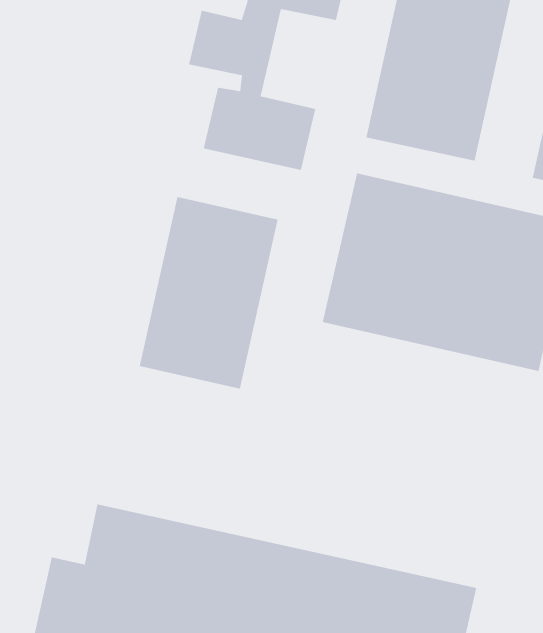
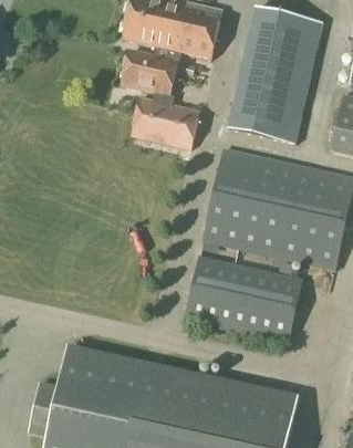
building: [139,196,279,390] -> none
building: none -> [186,252,302,338]

